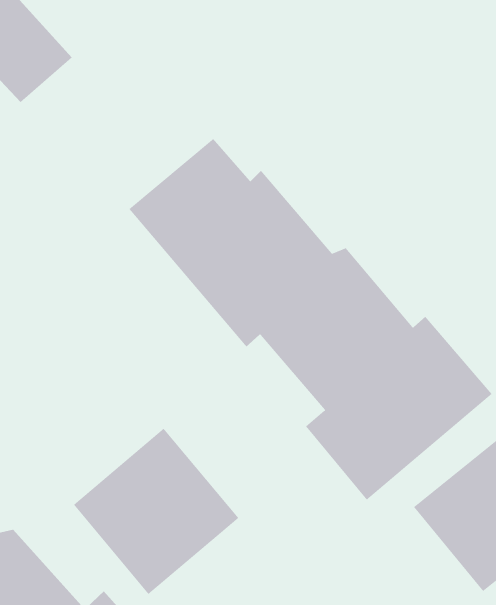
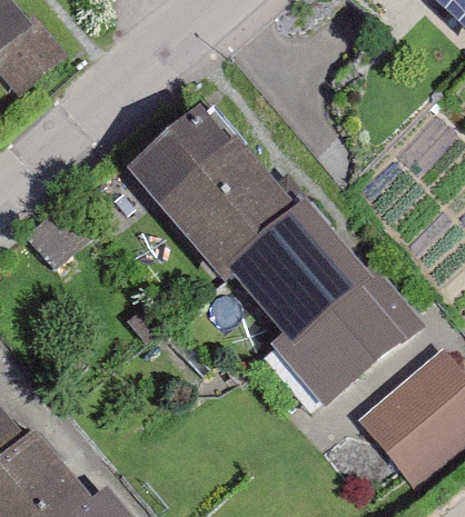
building: [73,428,239,595] -> none

